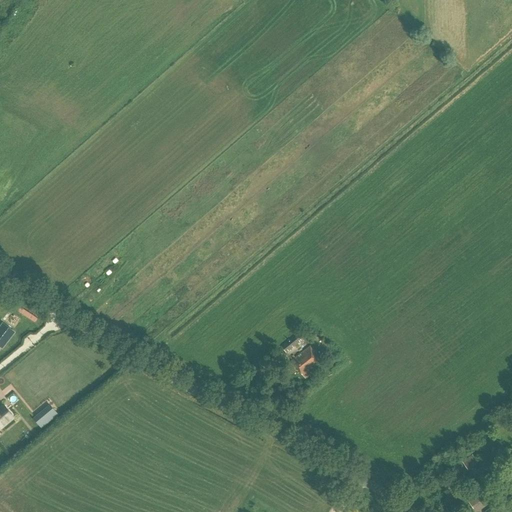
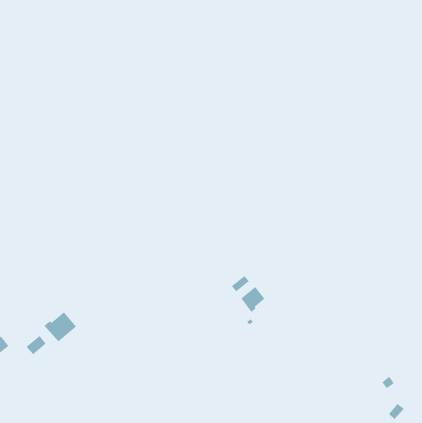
building: none -> [43,312,77,342]

